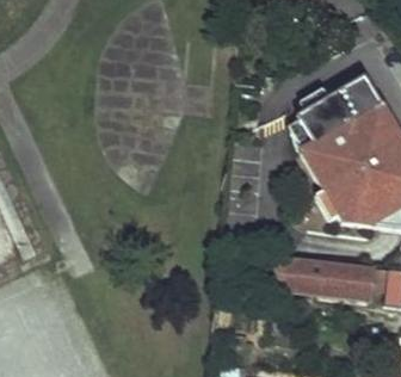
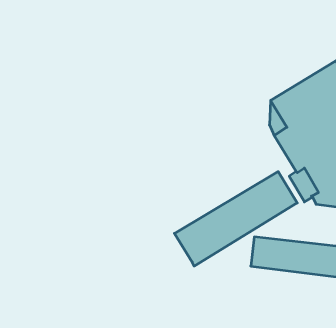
building: none -> [174,172,297,266]

